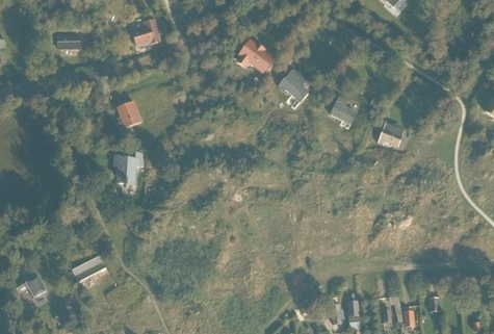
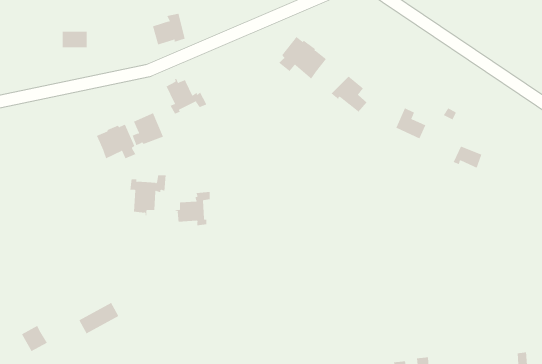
building: none -> [166,75,207,114]
building: none -> [96,124,136,159]
building: none -> [175,191,210,226]

